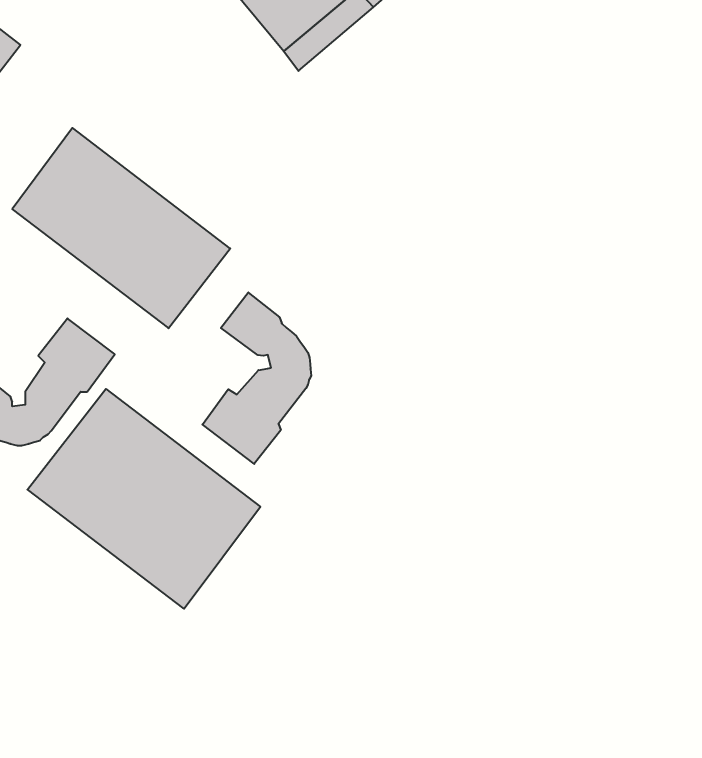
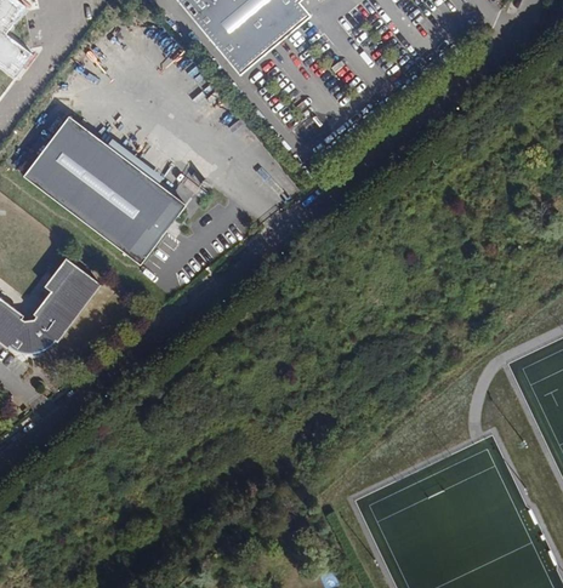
building: [202,292,311,464] -> none
building: [27,389,260,609] -> none

